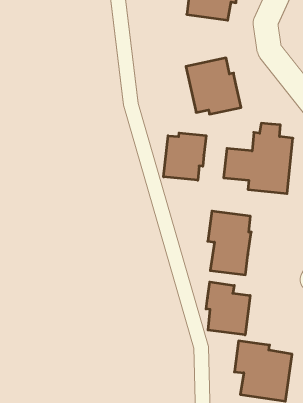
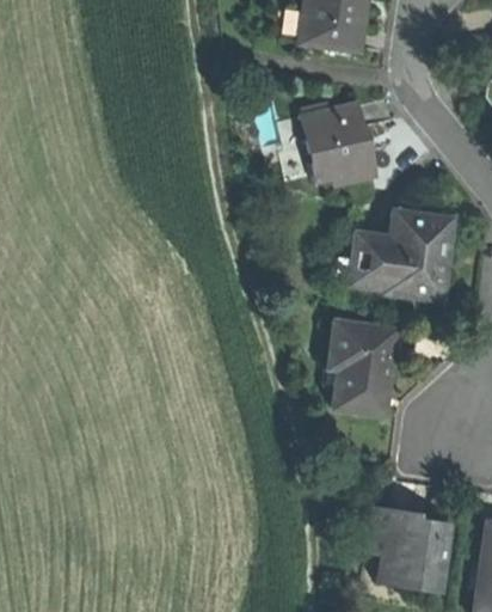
building: [164,133,206,180] -> none
building: [206,282,250,335] -> none

